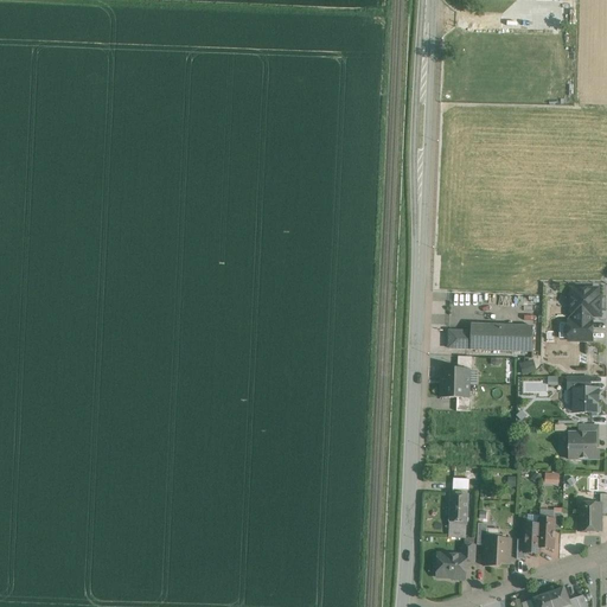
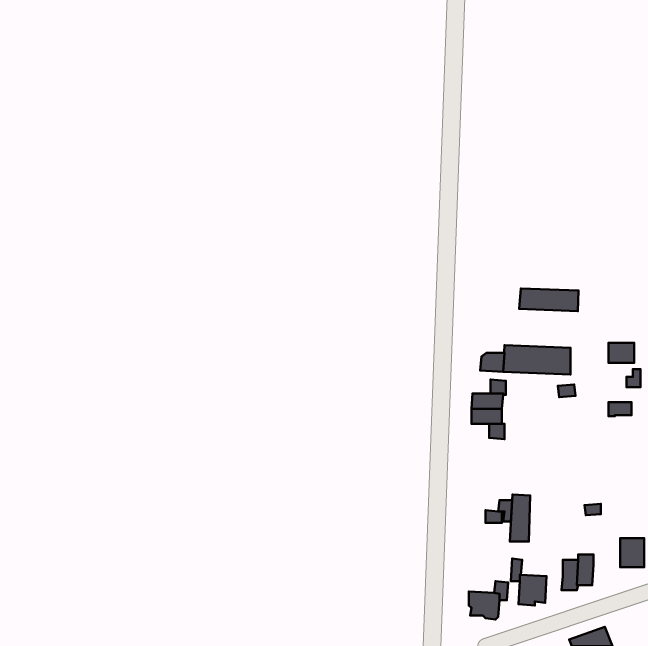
building: none -> [519,288,579,311]
building: [573,288,601,320] -> none
building: [569,388,601,414] -> none
building: [569,432,600,458] -> none
building: [449,492,468,536] -> [510,494,530,541]

